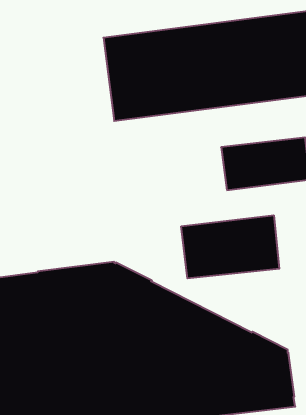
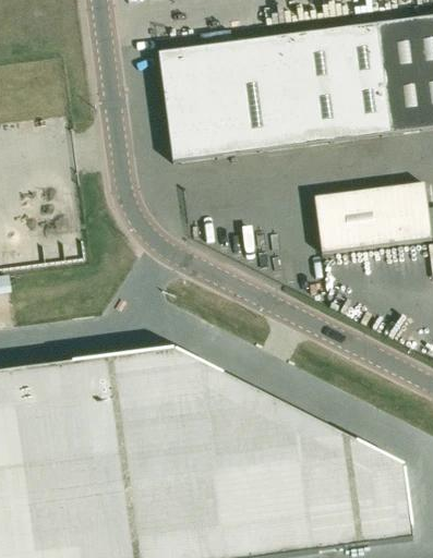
building: [181,215,279,278] -> none

